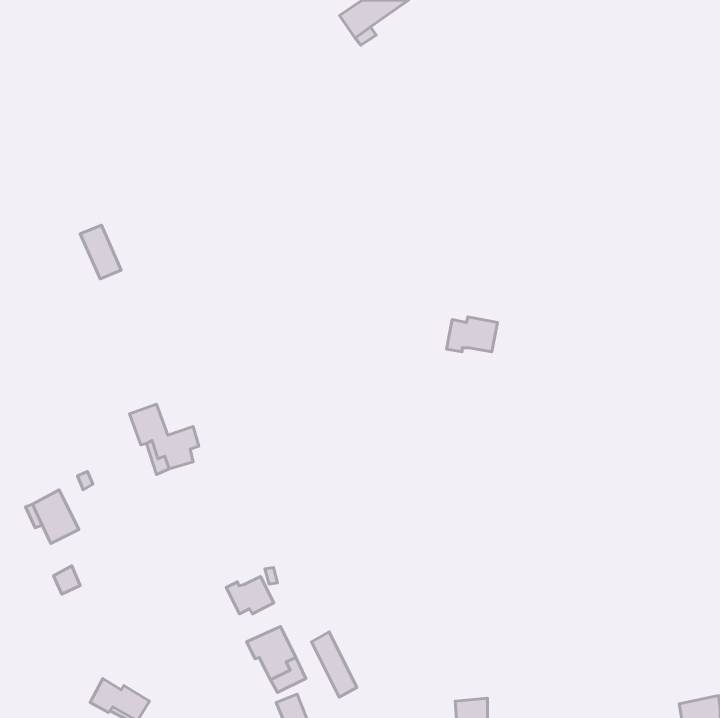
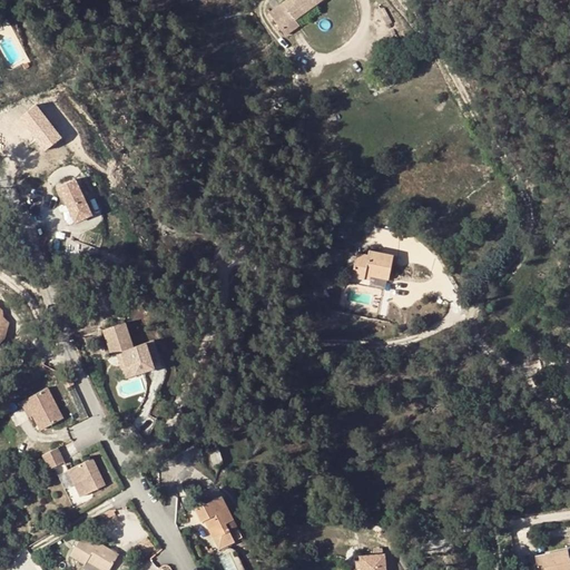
building: none -> [18,104,62,153]
building: [226,576,274,614] -> none
building: none -> [67,459,105,499]
building: [311,632,357,697] -> none

